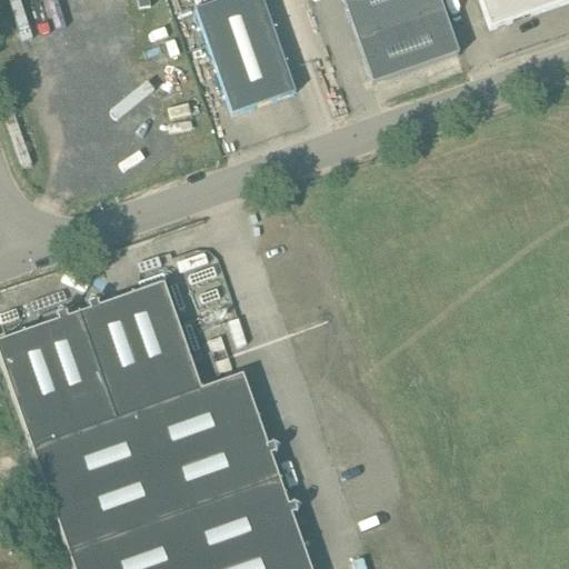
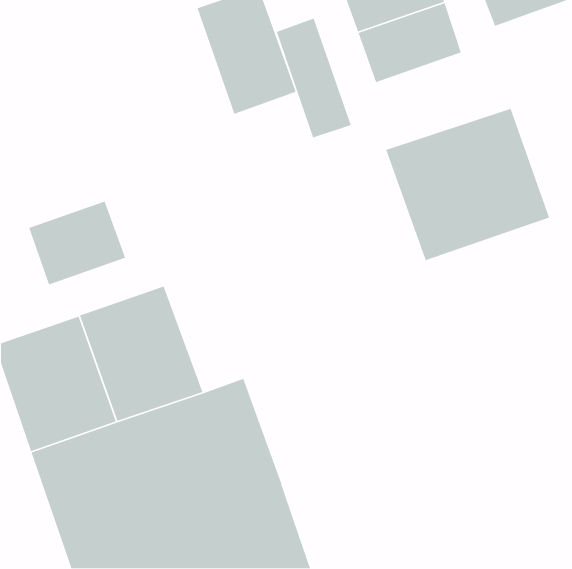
building: none -> [276,17,352,139]
building: none -> [385,108,552,261]
building: none -> [28,200,126,286]

